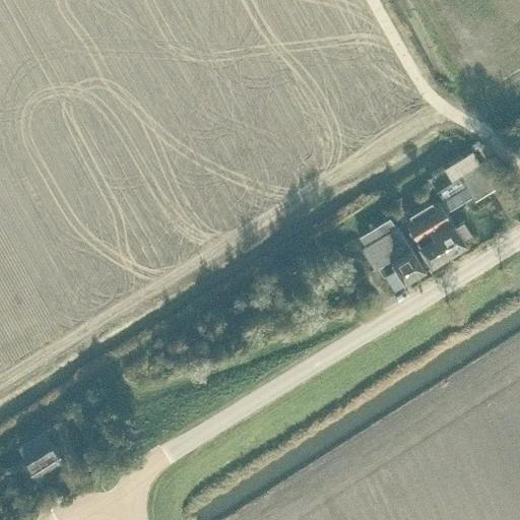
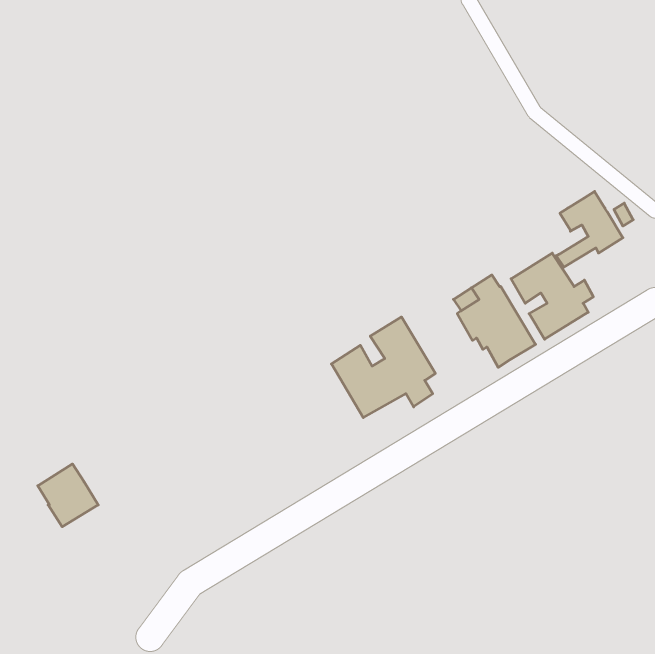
building: none -> [331,317,435,418]
building: [16,432,64,481] -> [38,464,98,527]

